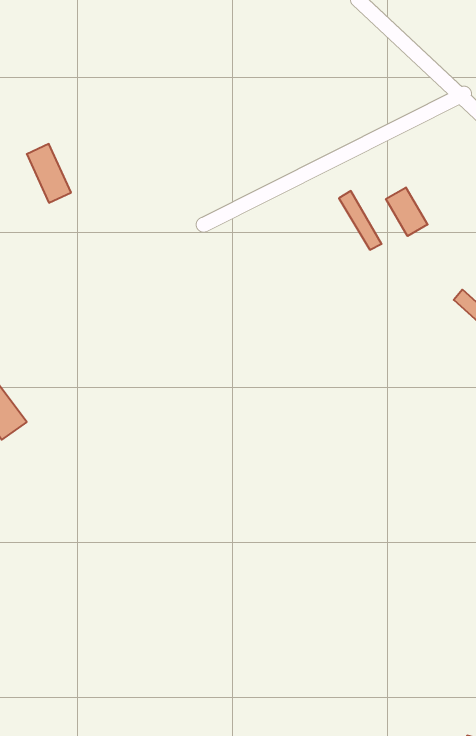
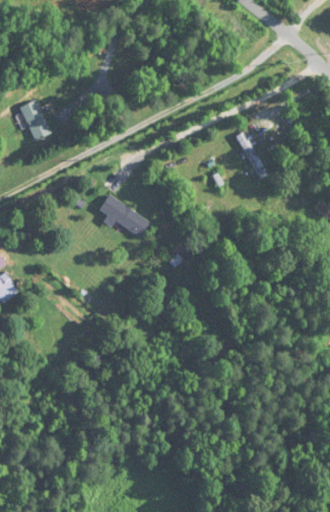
building: [386,187,428,236] -> none
building: none -> [98,194,149,237]

